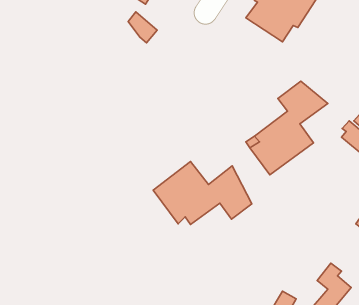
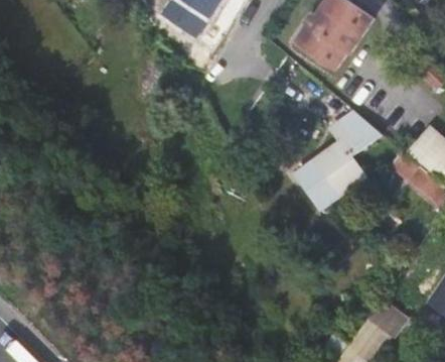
building: [153,161,252,224] -> none

